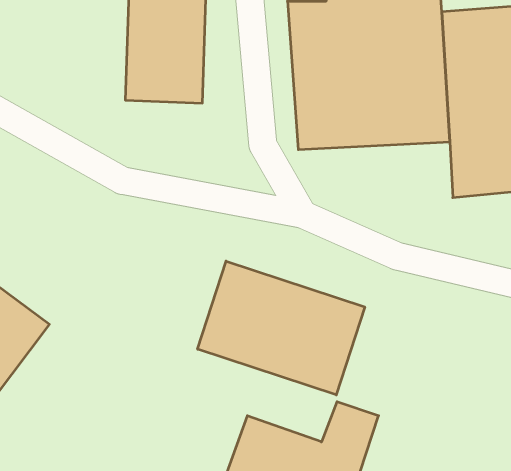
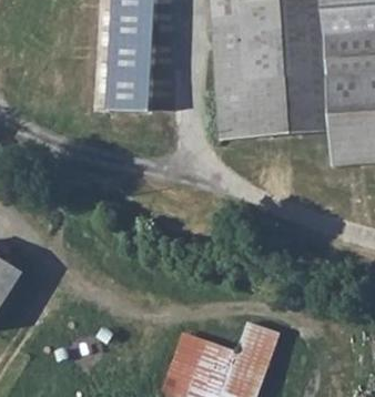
building: [198,261,365,395] -> none

